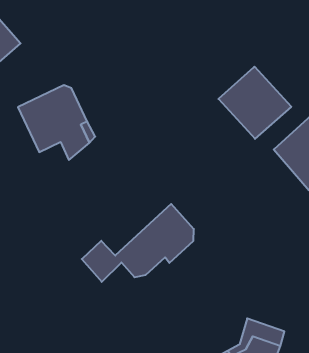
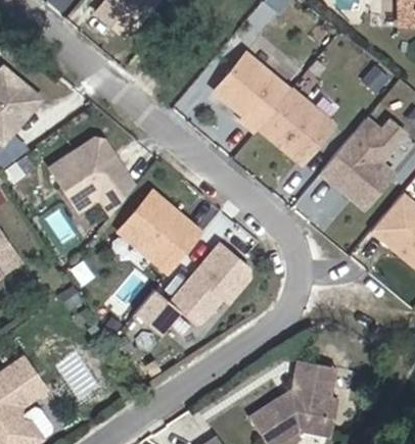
building: none -> [211,54,285,132]
building: none -> [119,190,200,270]

